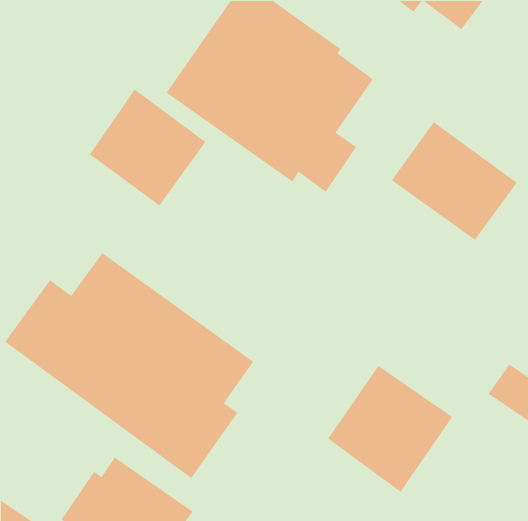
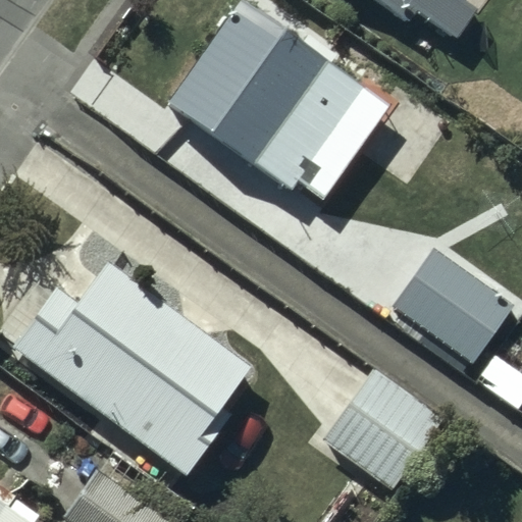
building: [89,88,207,206] -> none
building: [391,121,518,241] -> [390,249,515,366]

